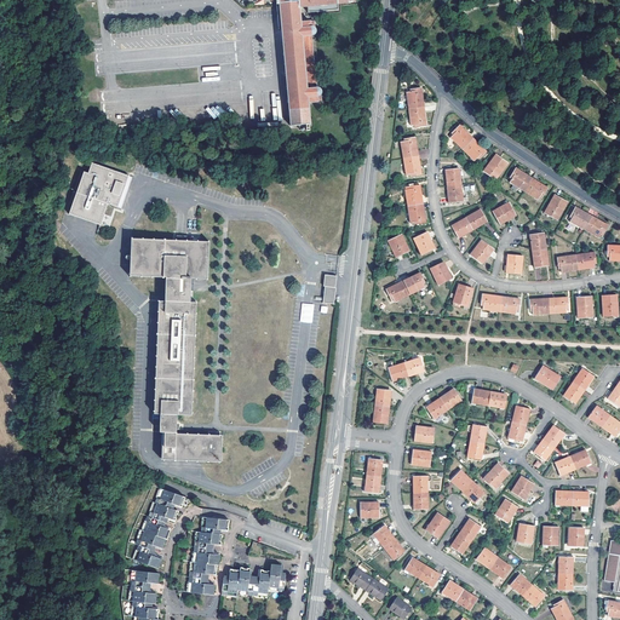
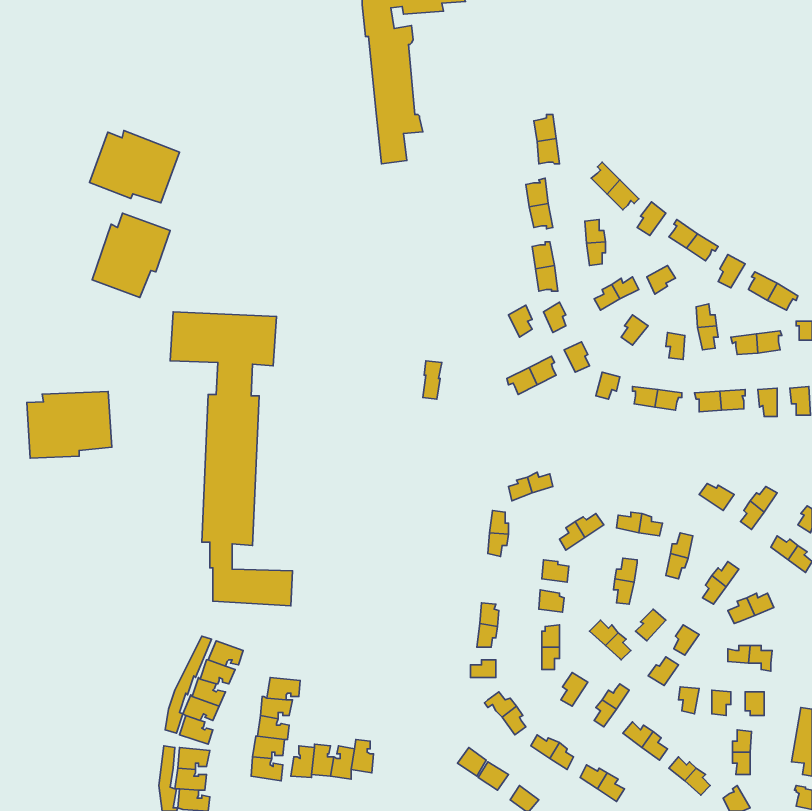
building: none -> [89,130,179,203]
building: none -> [27,391,112,458]

